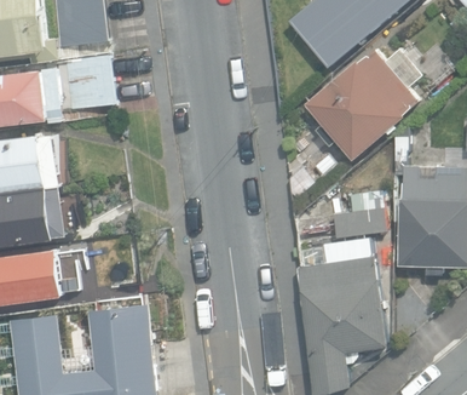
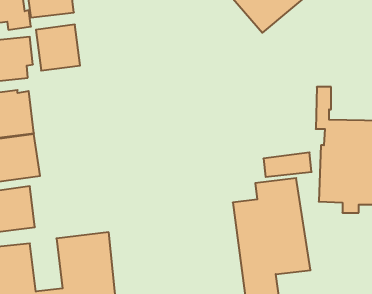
building: [305,48,417,160] -> none

